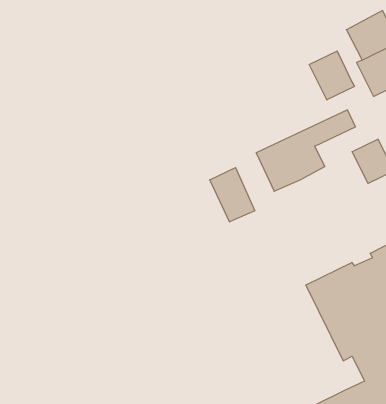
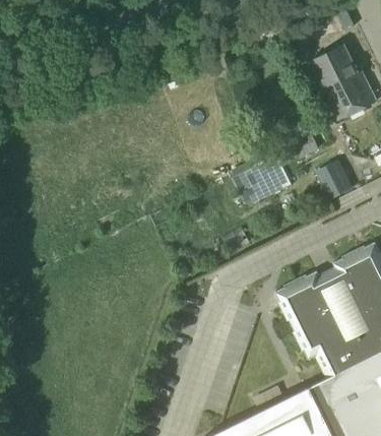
building: [309,51,355,100] -> none
building: [210,168,255,222] -> none

